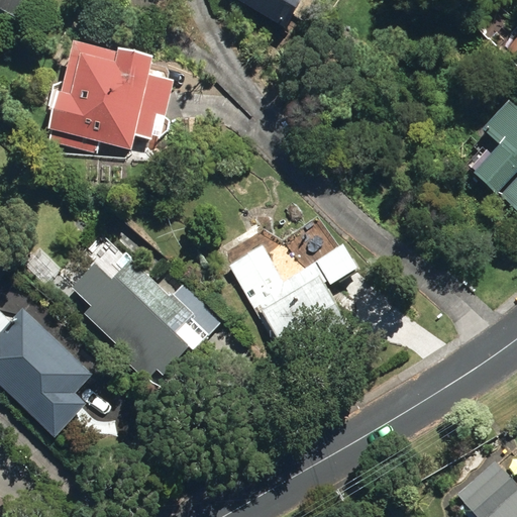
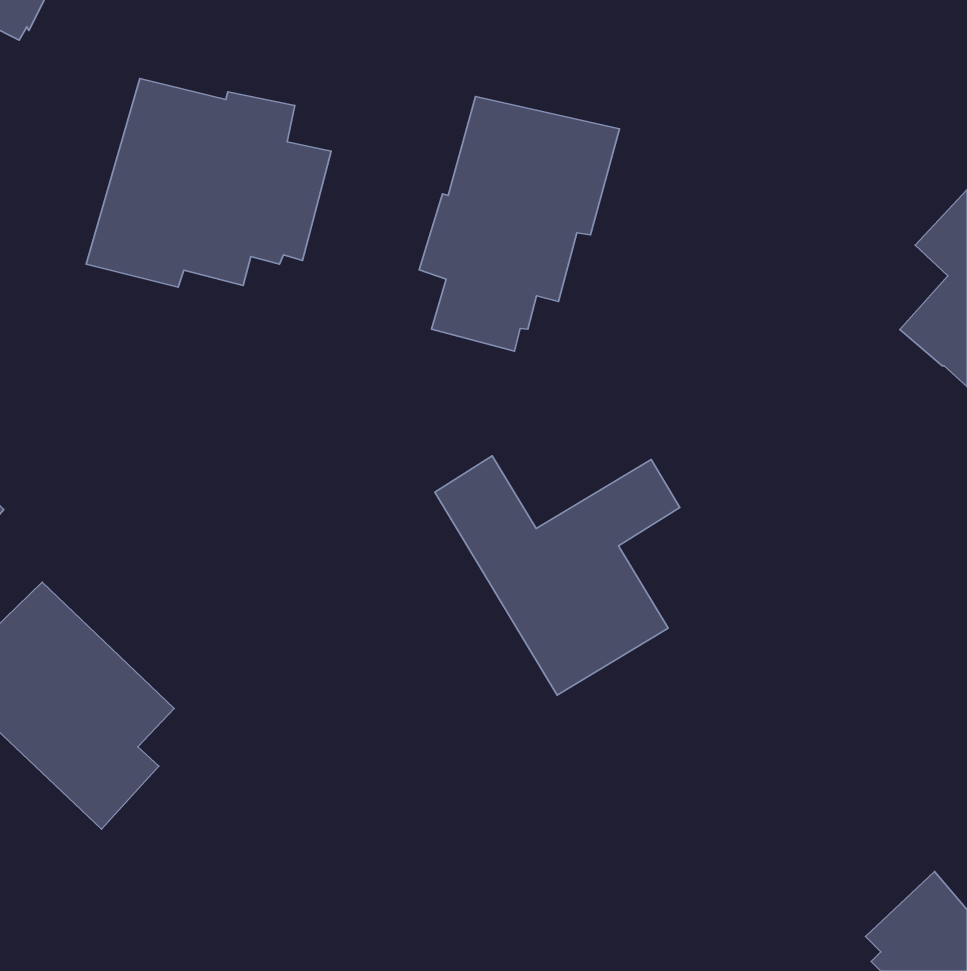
building: none -> [419,96,619,351]
building: [69,260,221,377] -> none

